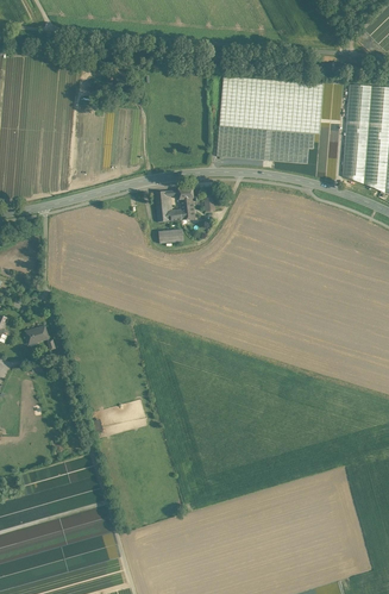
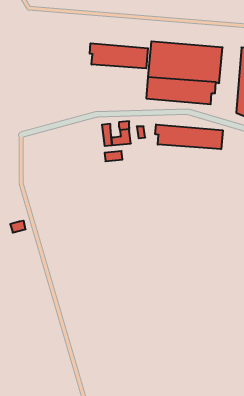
building: none -> [90,43,148,68]
building: none -> [155,124,223,149]

